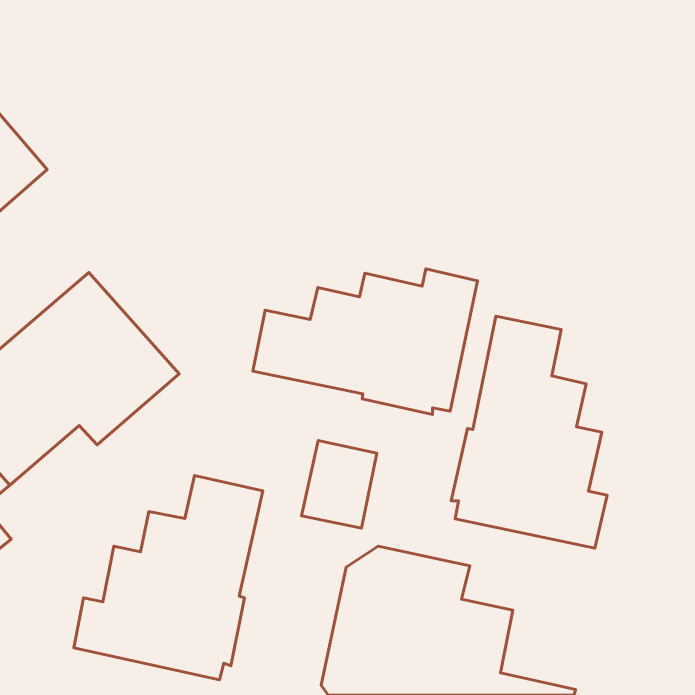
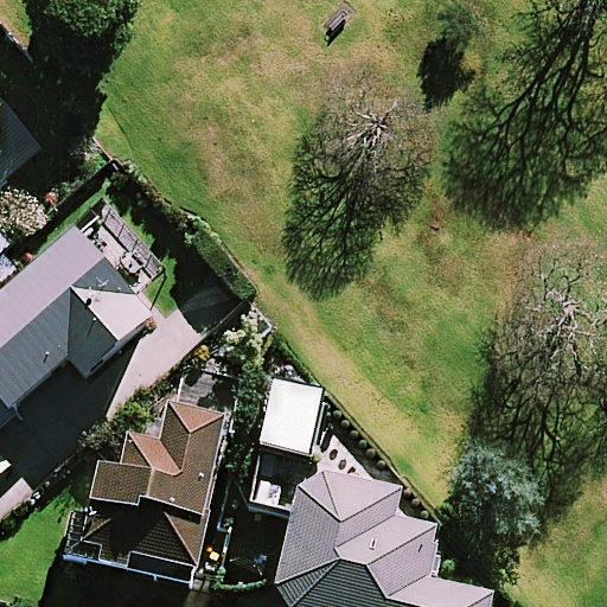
building: [253,269,477,415] -> none
building: [451,316,607,548] -> none

